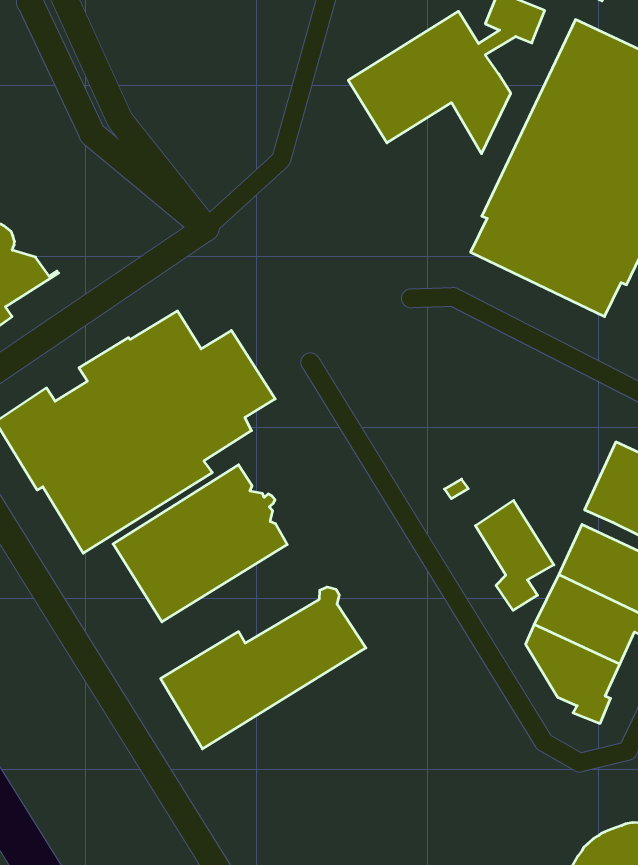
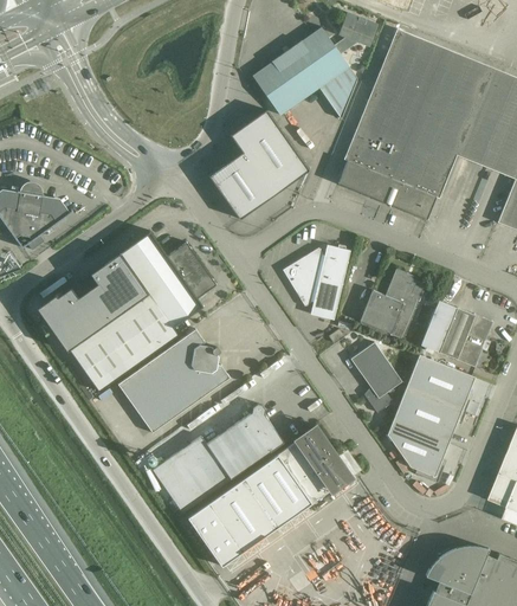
building: none -> [207,109,309,219]
building: none -> [284,244,350,320]
building: none -> [360,267,426,340]
building: none -> [187,426,357,566]

